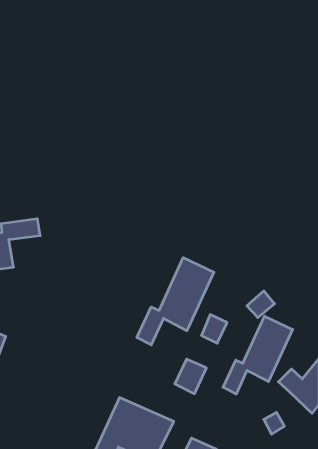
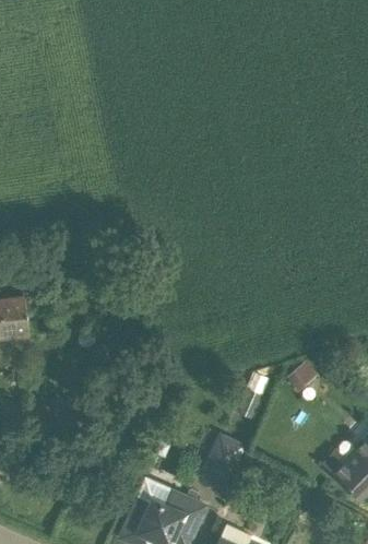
building: [137,258,214,345] -> none
building: [223,316,293,394] -> none

